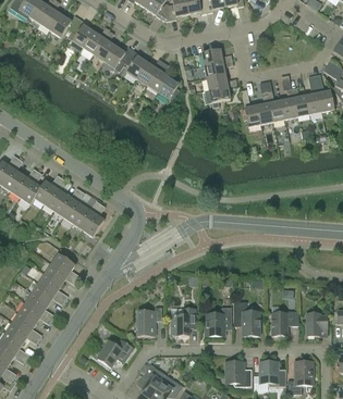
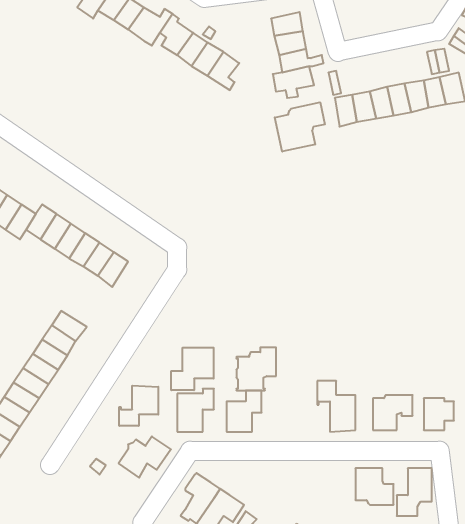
building: none -> [275,102,325,152]
building: none -> [171,348,214,390]
building: none -> [119,386,158,426]
building: [205,306,232,335] -> [236,347,276,390]
building: [225,360,252,385] -> none

